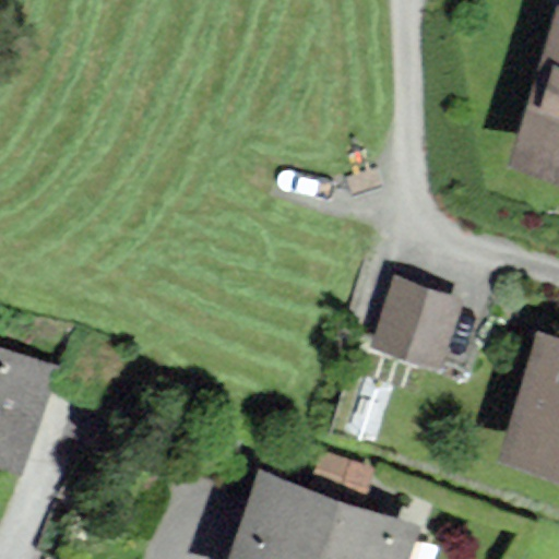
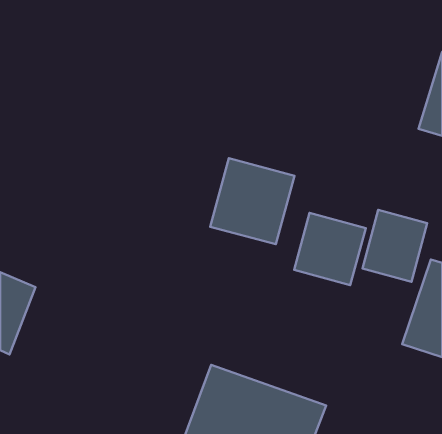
building: none -> [210,158,294,244]
building: none -> [362,210,427,282]

